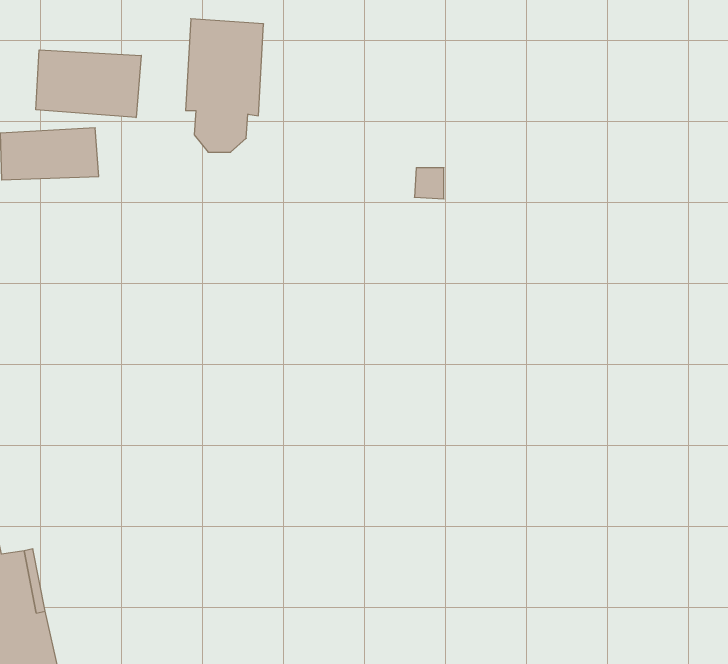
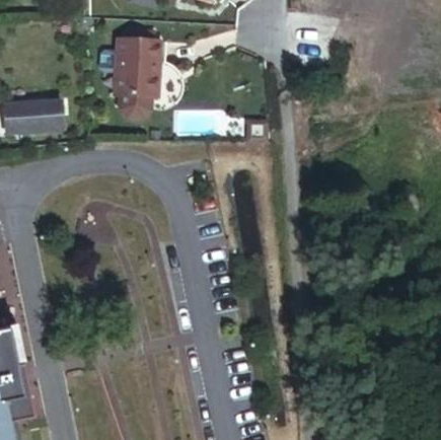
building: [36,50,141,118] -> none

